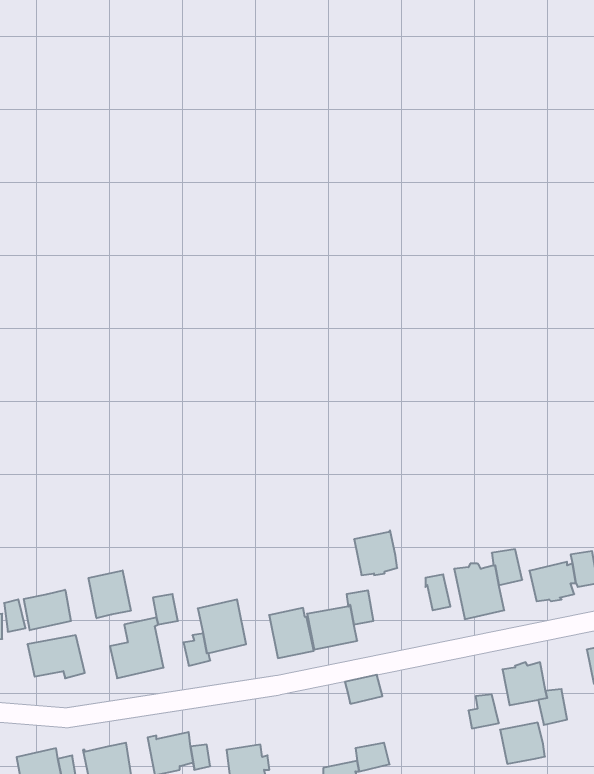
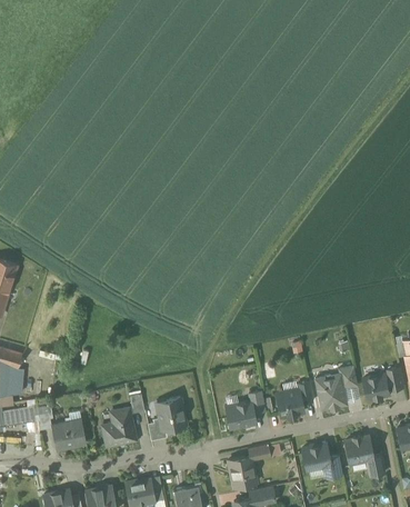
building: [354,530,397,575] -> [277,388,303,416]
building: [89,570,131,618] -> none
building: [24,590,71,630] -> none
building: [269,608,314,658] -> [229,456,257,487]
building: [500,723,545,764] -> [302,444,330,469]

